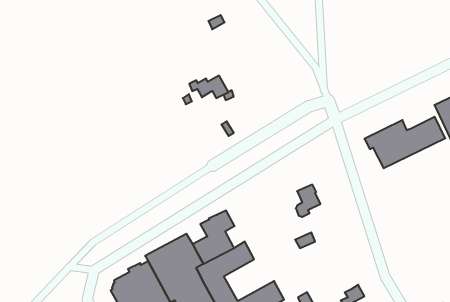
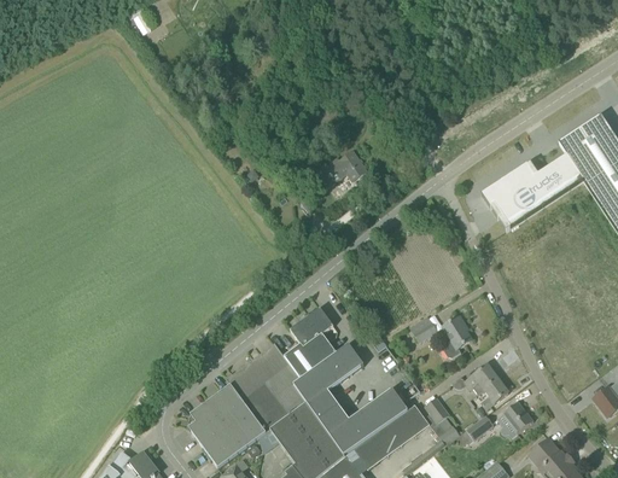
building: [189,76,228,98] -> [316,152,367,182]
building: [296,185,320,217] -> [441,316,472,358]
building: none -> [451,365,499,394]

